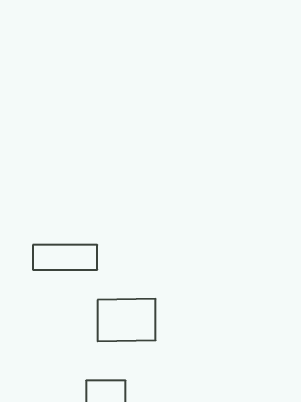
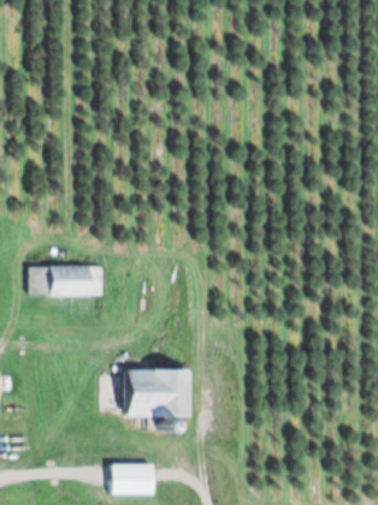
building: [33,245,97,270] -> [30,266,105,295]

